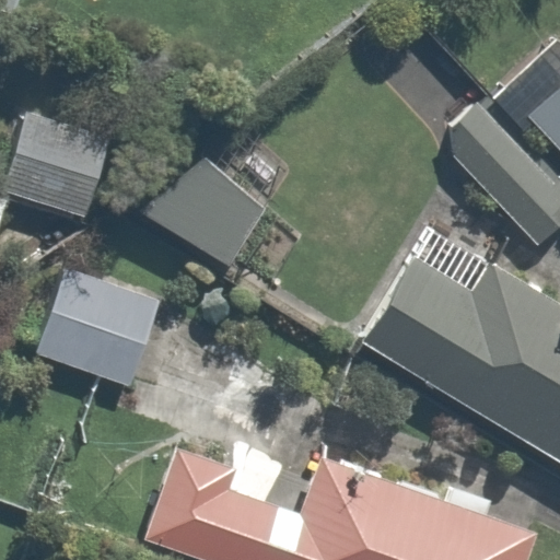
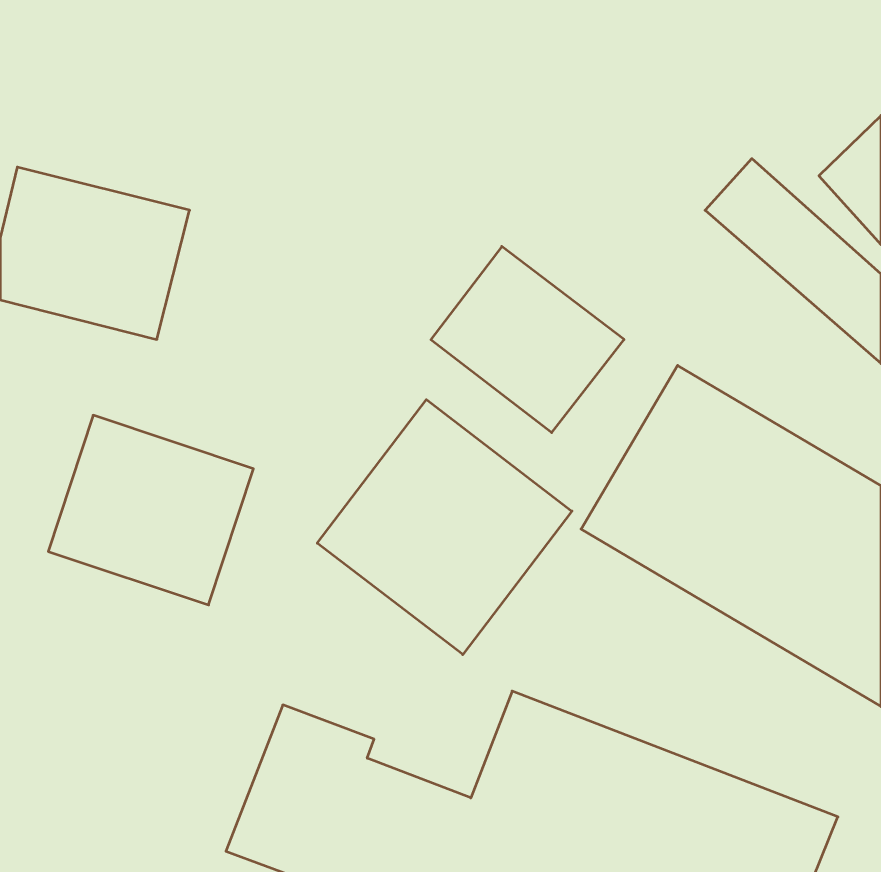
building: [143,154,266,272] -> [431,246,624,433]
building: none -> [317,400,572,655]

